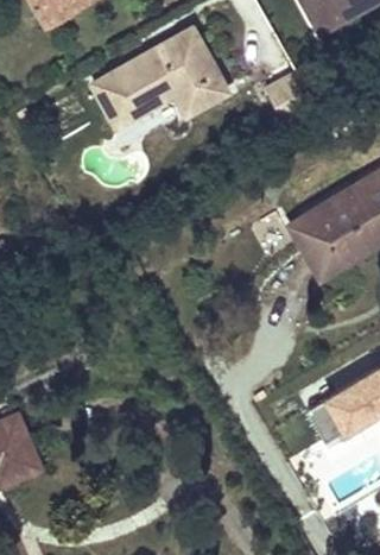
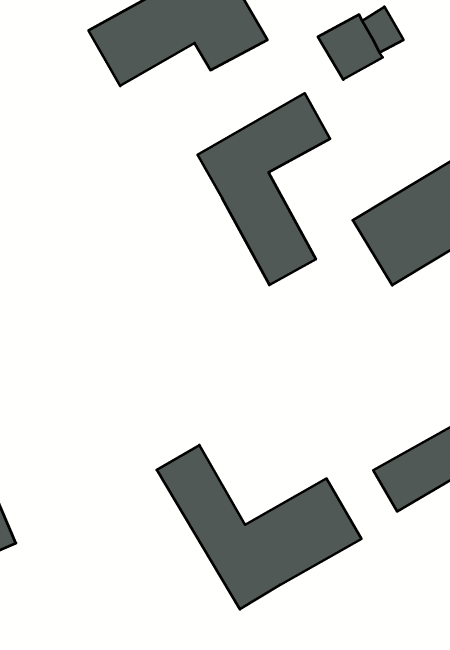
building: none -> [198,93,330,285]
building: none -> [157,445,361,609]

